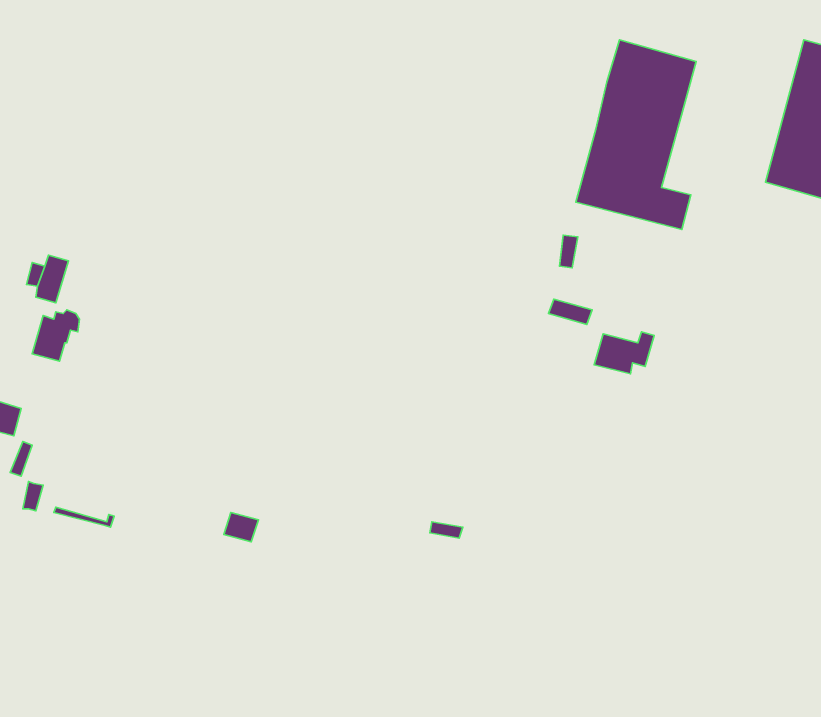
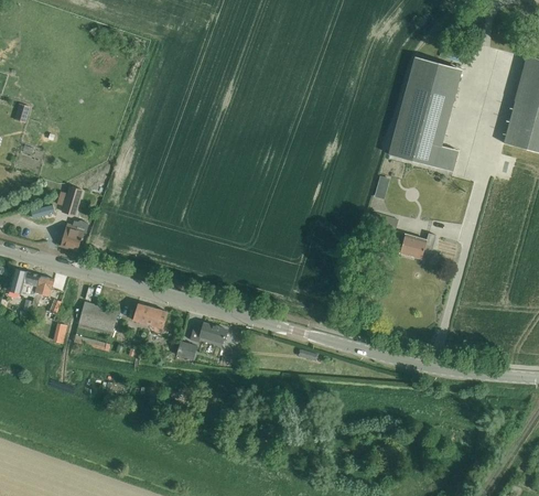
building: none -> [133,303,168,327]
building: none -> [78,305,117,331]
building: none -> [191,323,227,343]

